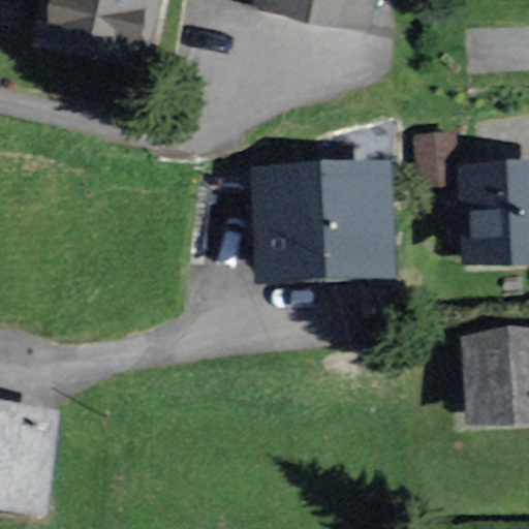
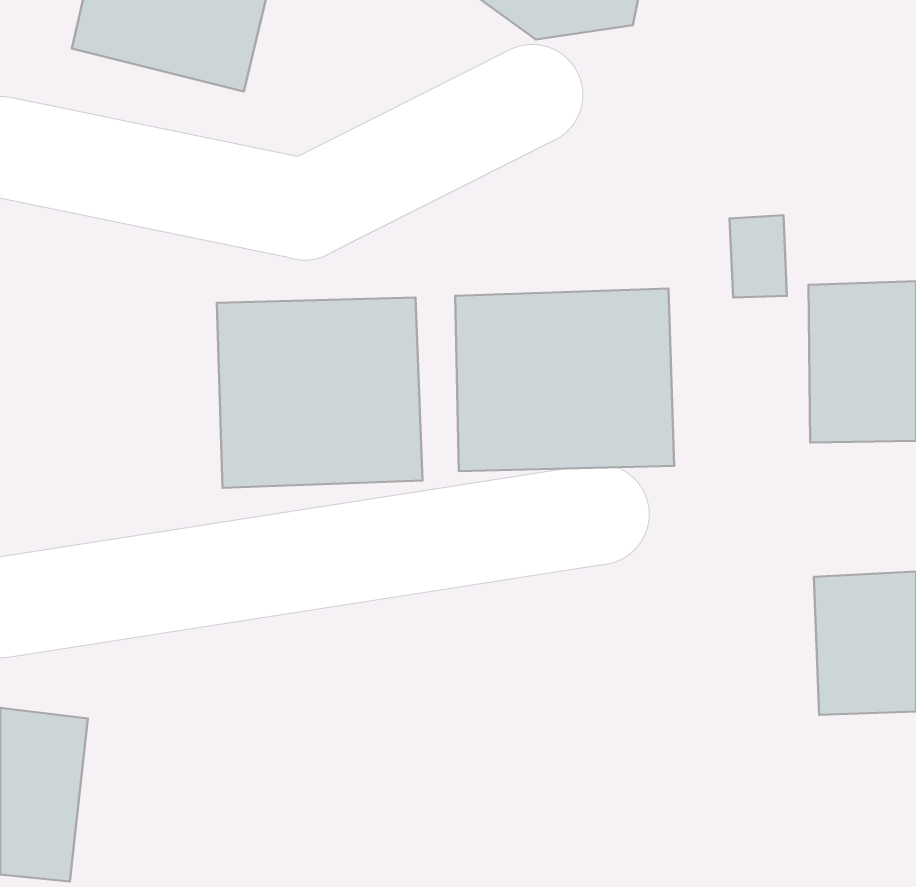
building: none -> [217,297,423,488]

